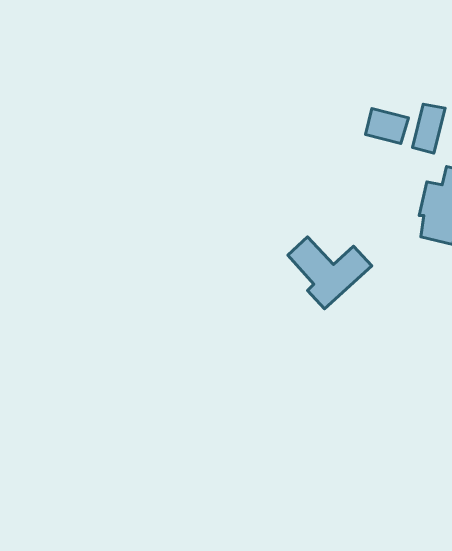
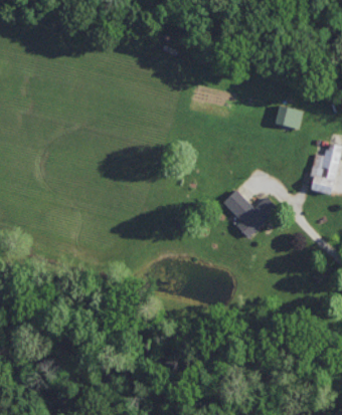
building: [413,104,445,153] -> none

